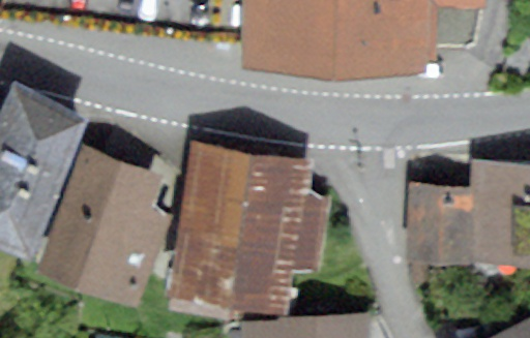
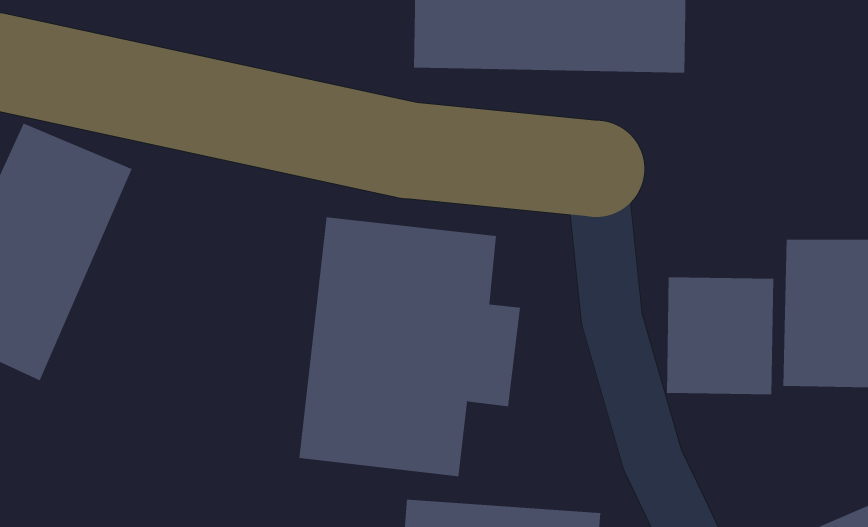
building: [49,151,166,295] -> none

